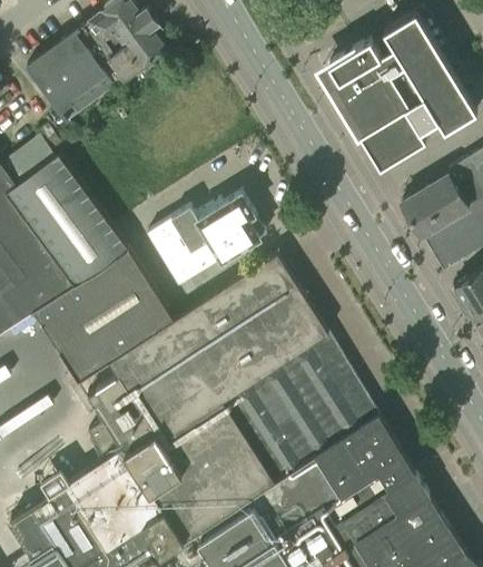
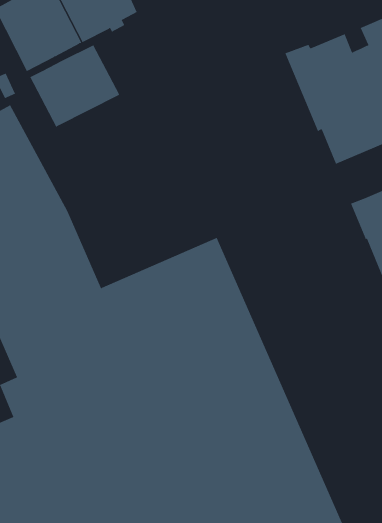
building: none -> [30,45,120,128]
building: [146,195,266,286] -> none

